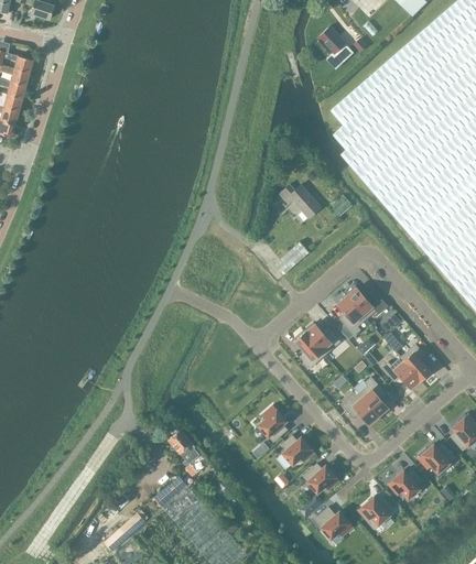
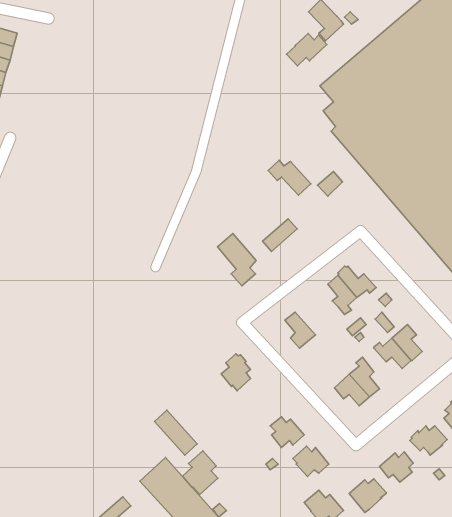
building: none -> [287,34,327,66]
building: none -> [217,234,256,286]
building: [305,324,339,355] -> none
building: [258,405,286,442] -> [221,354,251,391]
building: none -> [183,451,218,495]

